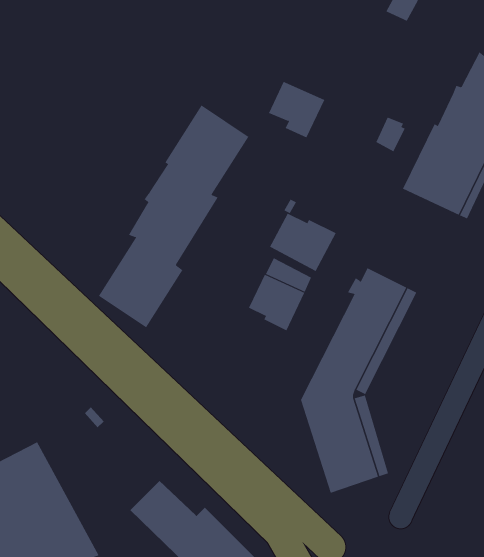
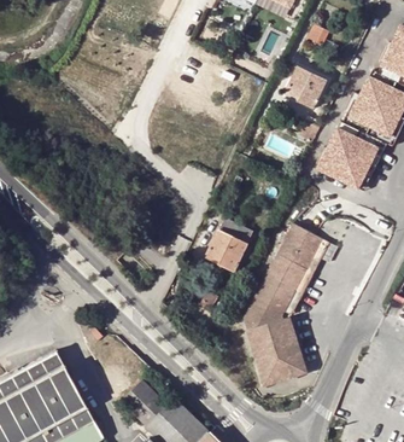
building: [268,81,325,138] -> [285,66,326,107]
building: [98,104,249,328] -> none
building: [269,213,336,272] -> none

